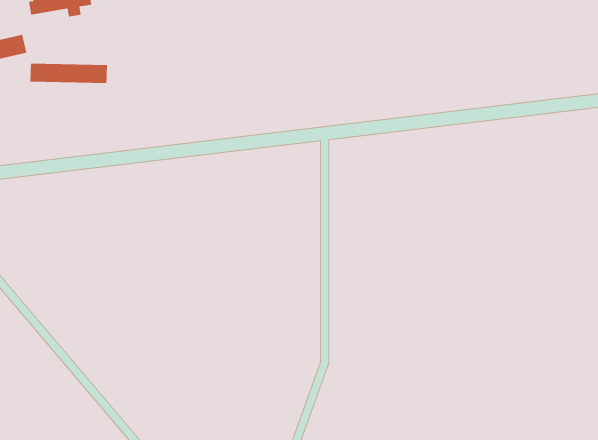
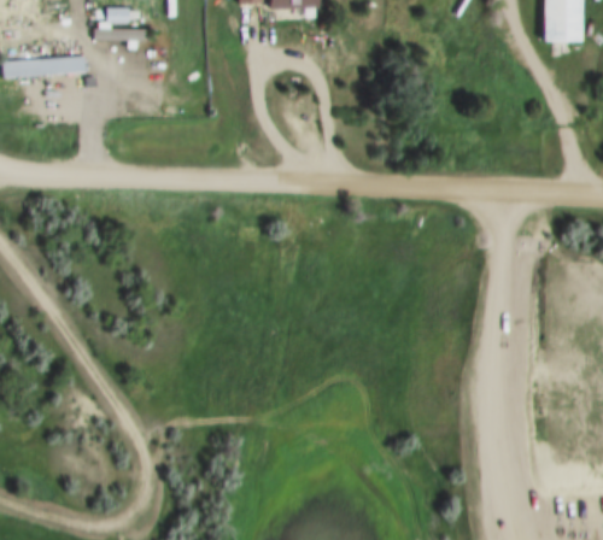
building: [30,63,107,84] -> none

